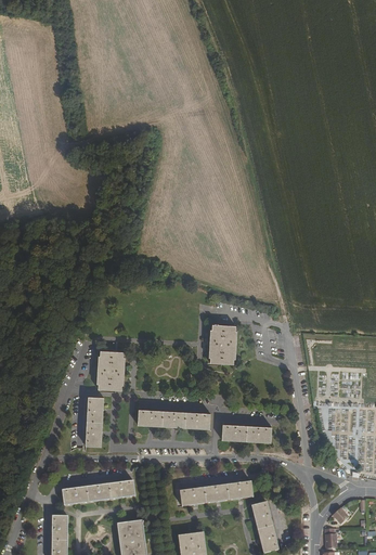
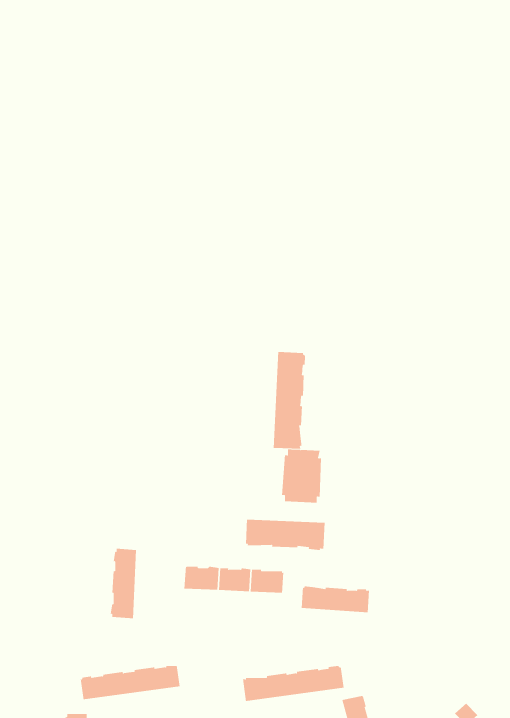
building: none -> [273,351,306,450]
building: [95,350,125,390] -> none
building: none -> [245,519,325,551]

